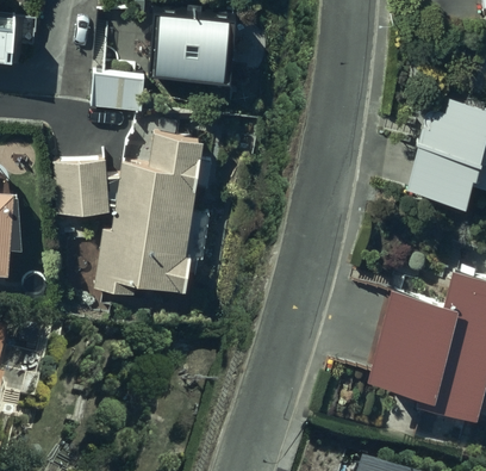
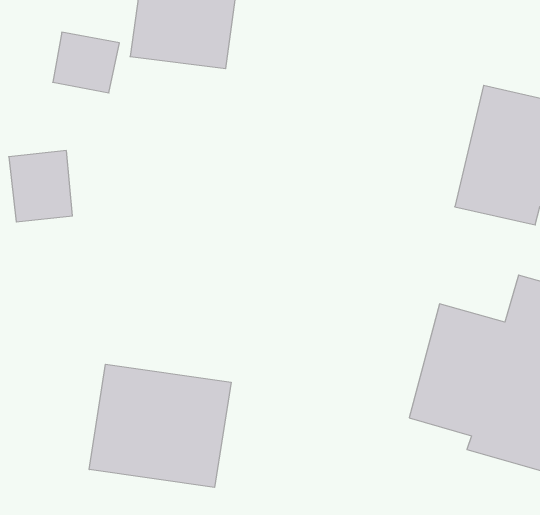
building: [106,140,202,305] -> none
building: none -> [89,364,231,487]

